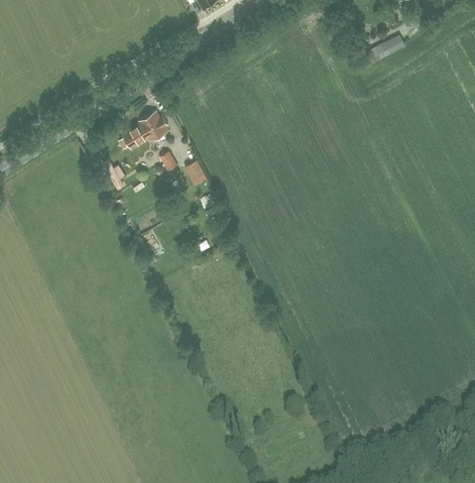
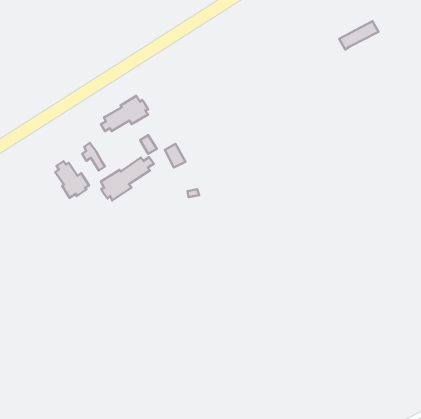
building: none -> [101,157,154,200]
building: none -> [55,161,89,198]

